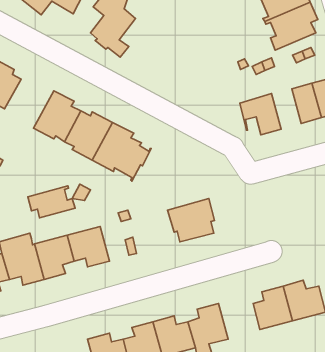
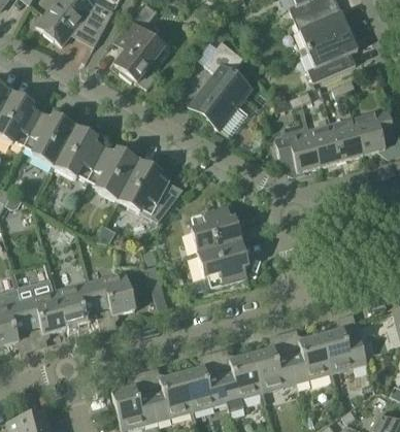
building: none -> [192,40,251,127]
building: none -> [24,112,76,165]
building: none -> [309,123,341,166]
building: none -> [192,206,242,253]
building: [28,186,75,218] -> none
building: none -> [253,346,297,391]

